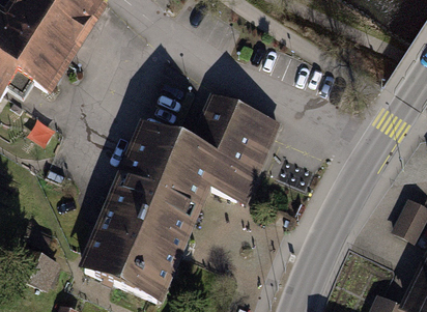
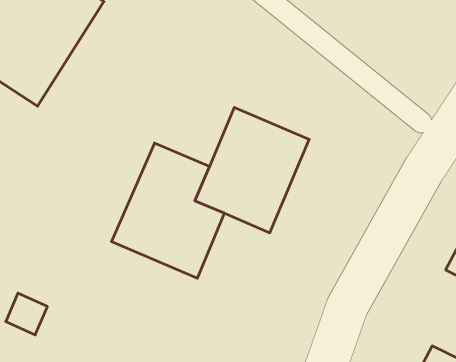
building: [85,209,183,301] -> none

